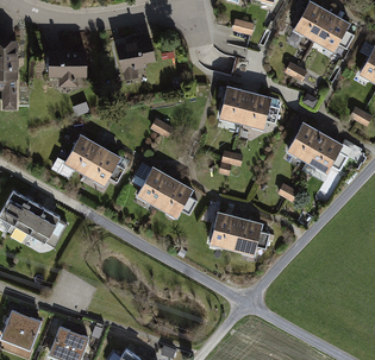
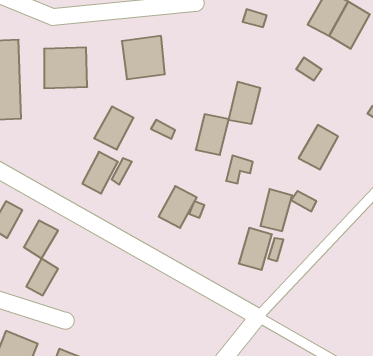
building: [240,87,271,125] -> [196,114,229,155]
building: [305,132,343,175] -> none
building: [61,135,98,176] -> [94,106,134,150]
building: [135,169,169,207] -> none
building: [12,201,42,235] -> [26,259,58,295]
building: [208,211,238,251] -> [260,189,292,231]

